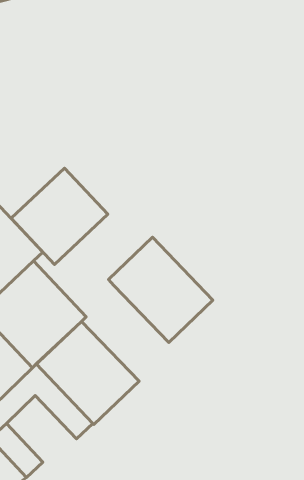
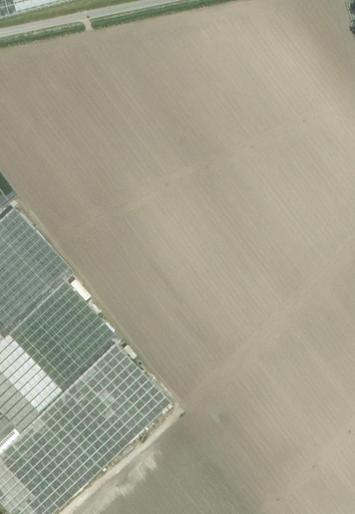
building: [11,168,108,264] -> none
building: [109,237,213,343] -> none
building: none -> [36,420,109,489]

